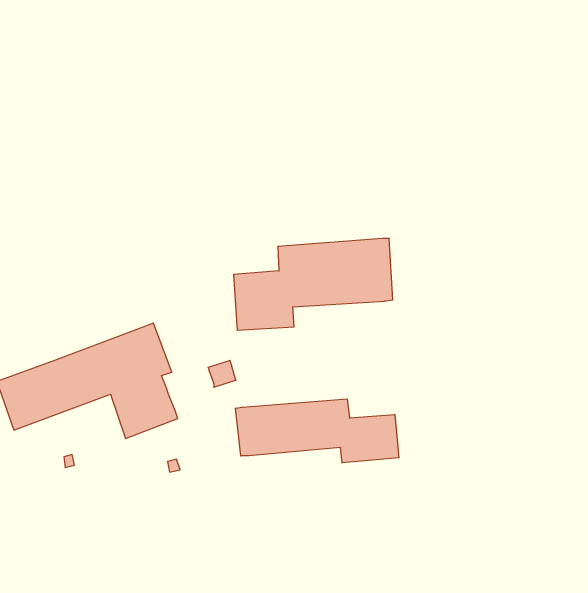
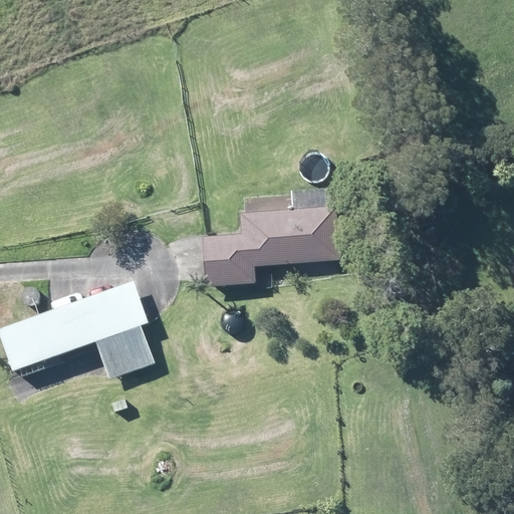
building: [236,399,399,463] -> none

